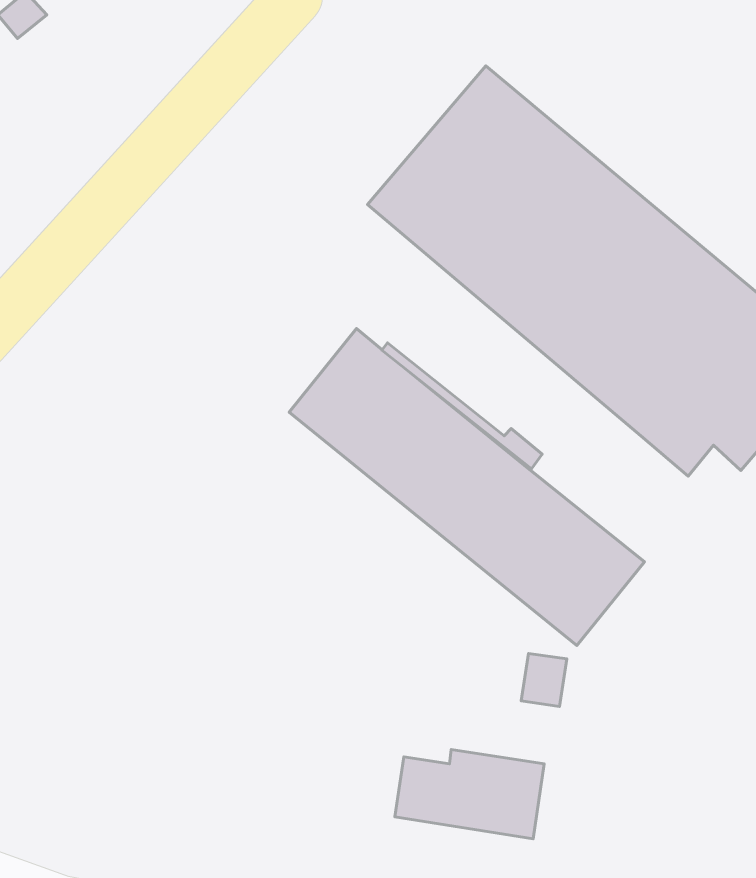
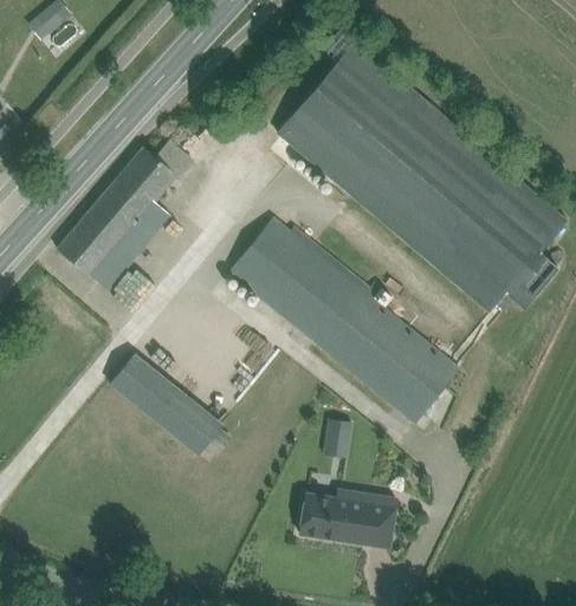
building: none -> [57,141,193,291]
building: none -> [109,352,224,454]
building: [521,654,567,706] -> [324,415,354,450]

